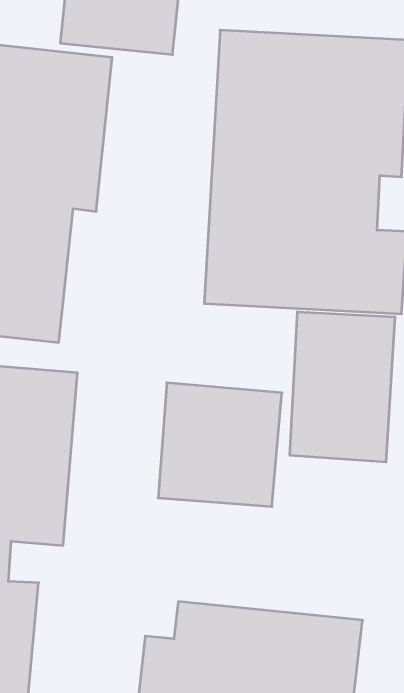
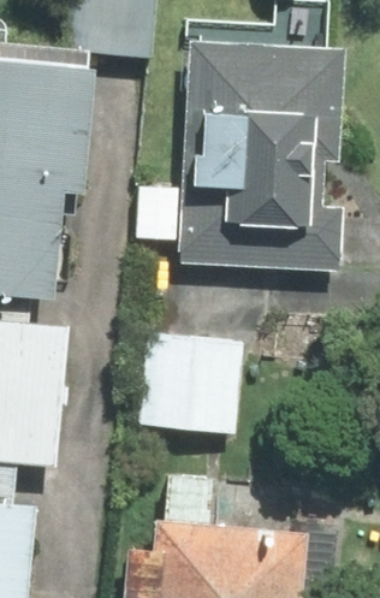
building: [290,312,395,462] -> none

